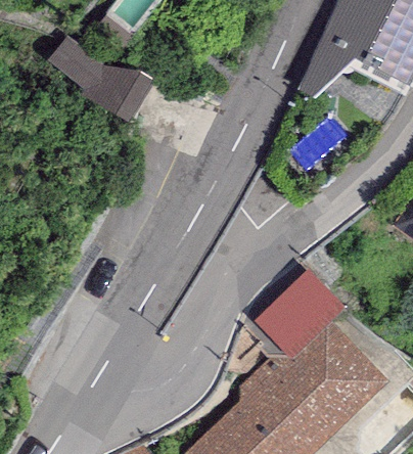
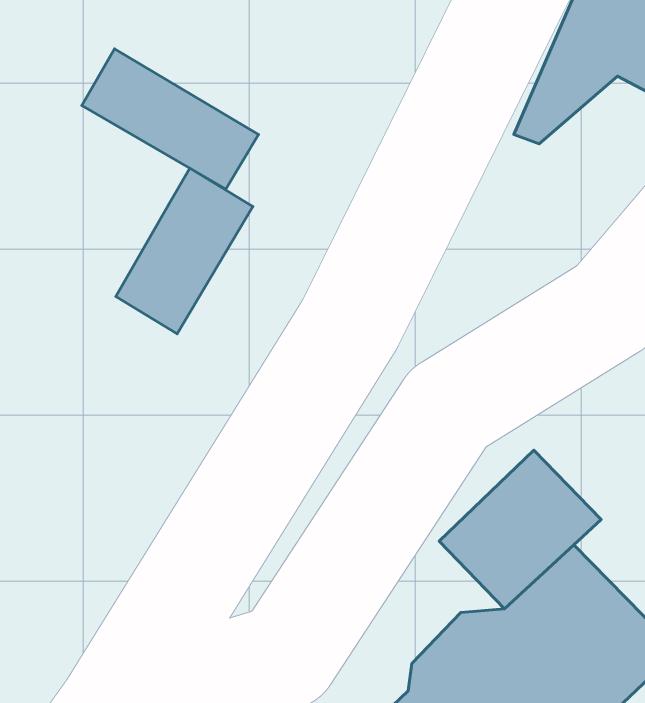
building: none -> [116,168,253,334]

